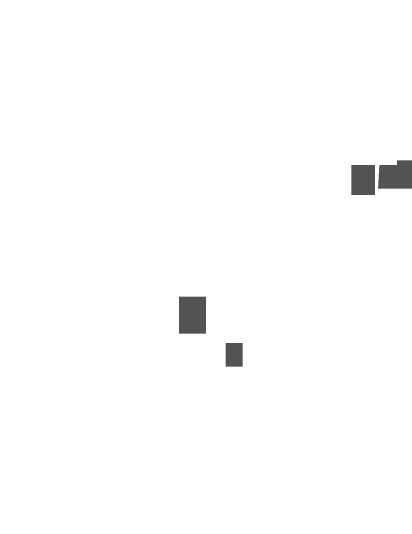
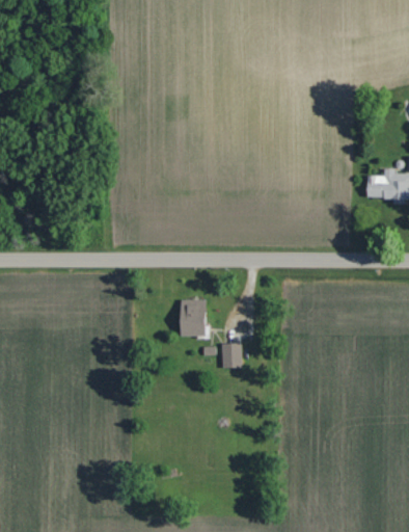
building: [351,164,376,196] -> none

